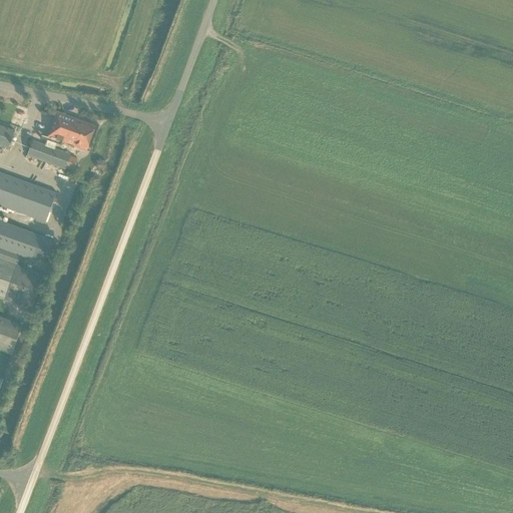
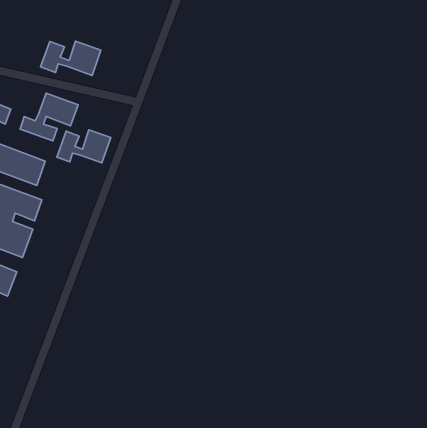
building: none -> [40,41,101,75]
building: none -> [57,130,111,163]

